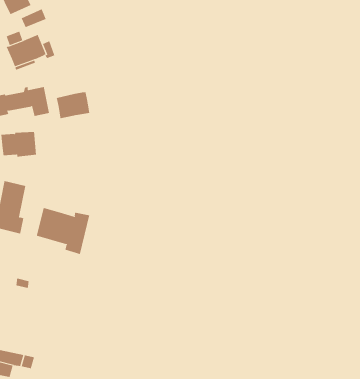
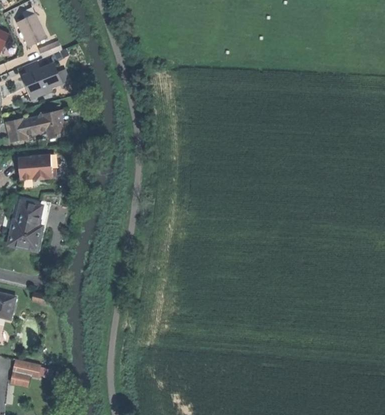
building: [56,91,90,119] -> none
building: [36,207,90,255] -> none

